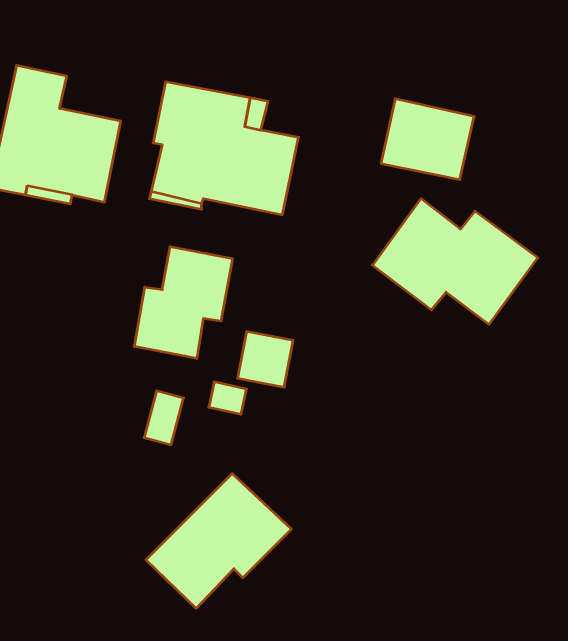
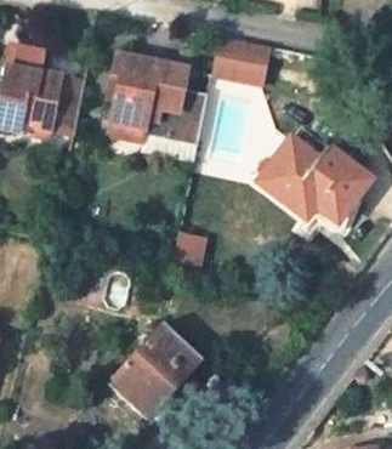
building: [381,99,474,180] -> [205,30,268,85]
building: [134,247,232,359] -> none

